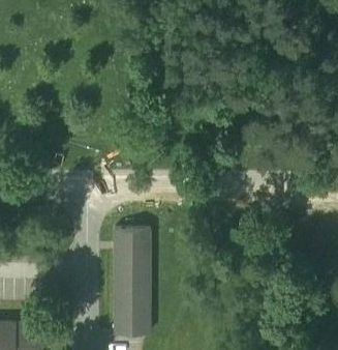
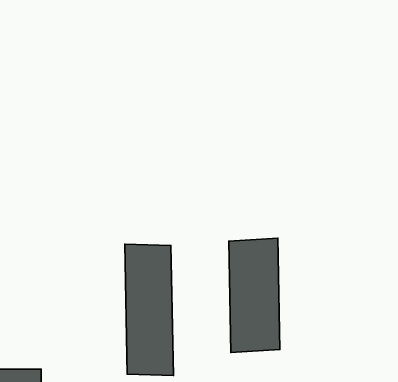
building: none -> [229,238,280,352]

